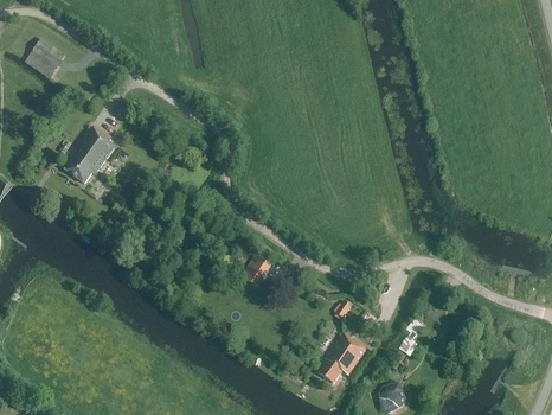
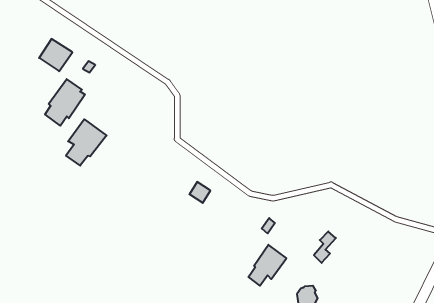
building: [24,38,65,78] -> [39,39,72,71]
building: none -> [66,119,107,166]

